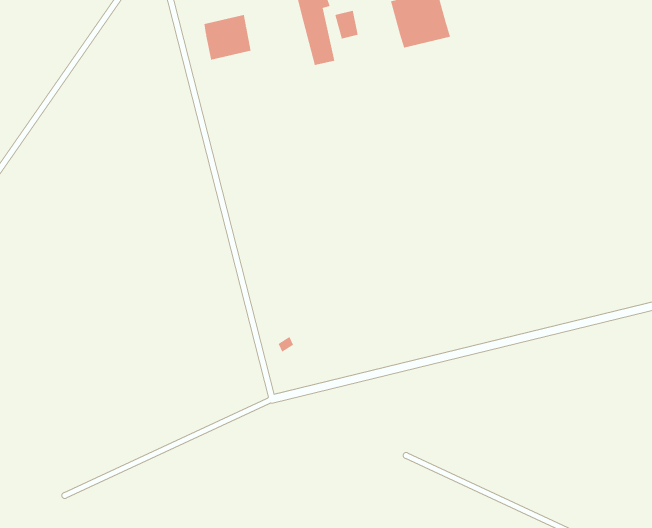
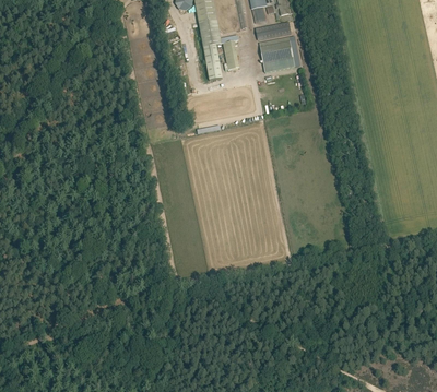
building: [204,14,251,61] -> none

